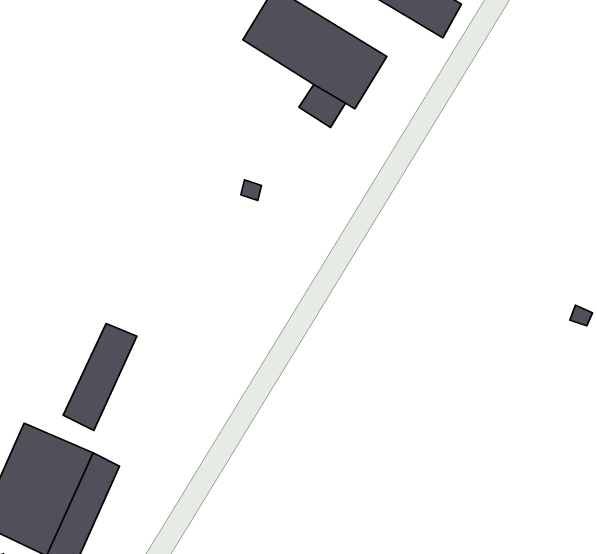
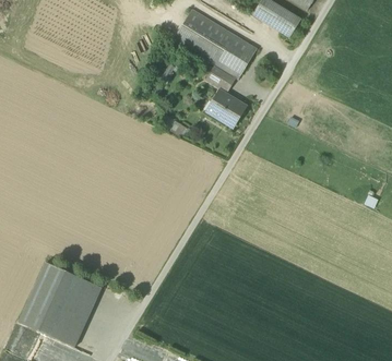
building: none -> [214,89,246,125]
building: [63,323,137,430] -> none

